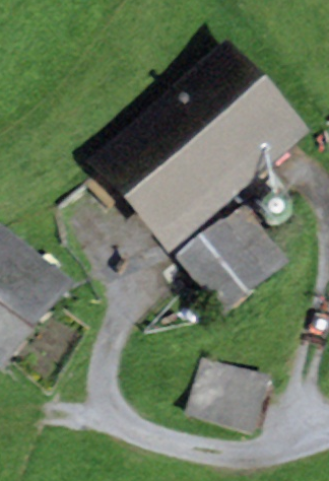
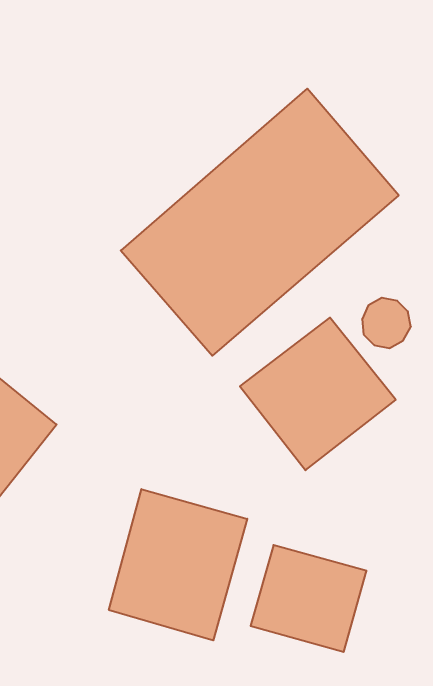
building: none -> [109,489,247,640]

